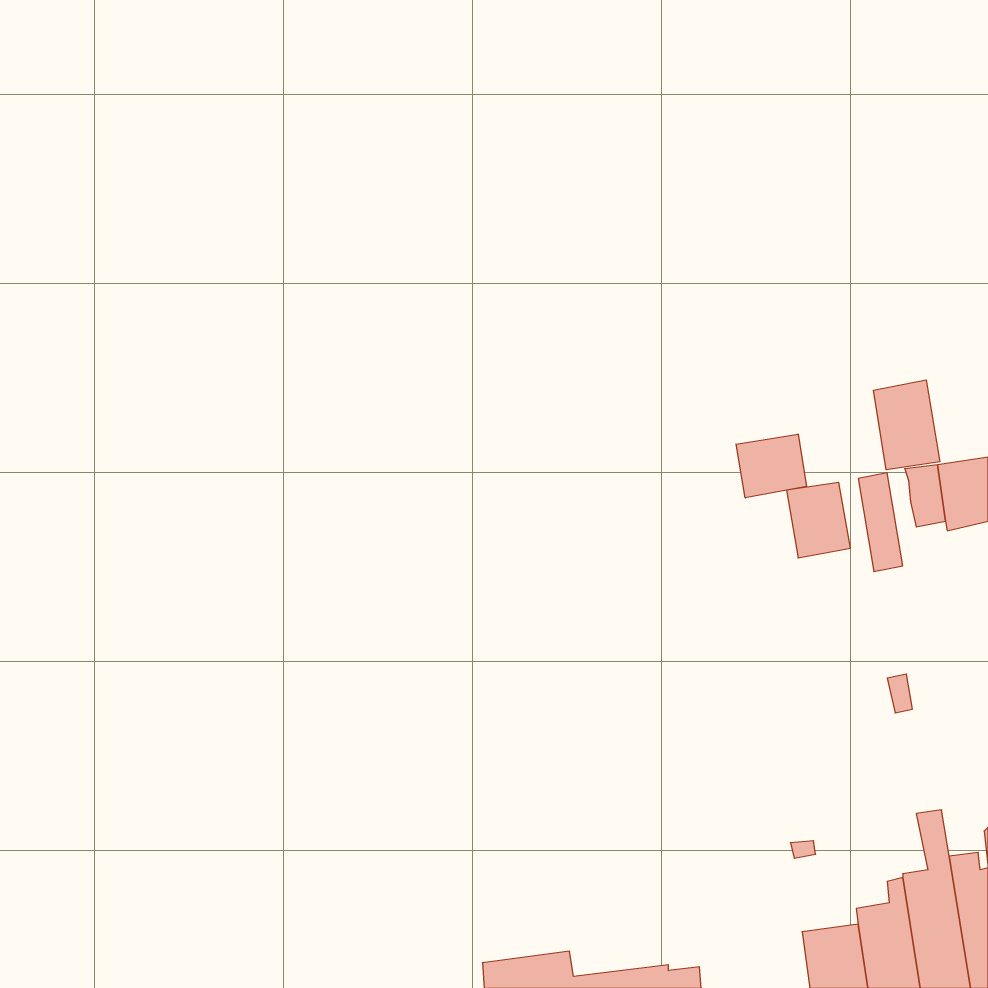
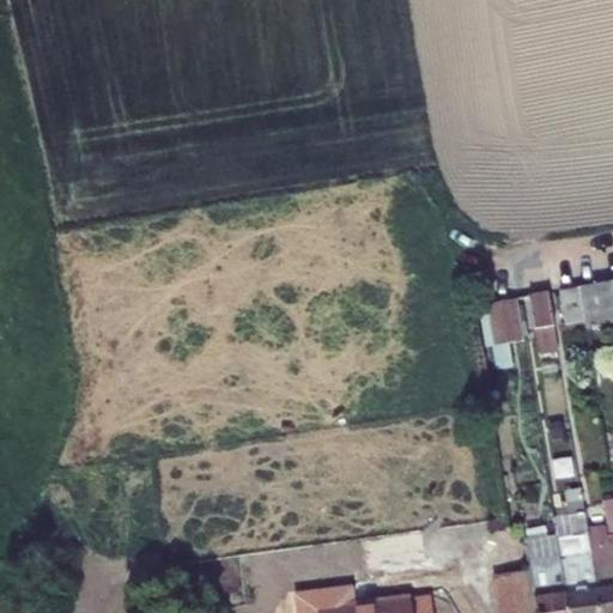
building: [873,380,940,470] -> none
building: [736,434,807,498] -> none

